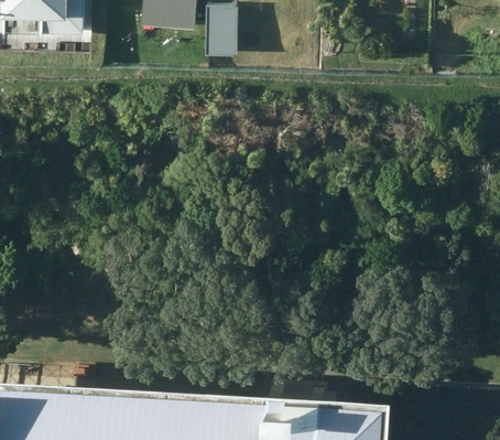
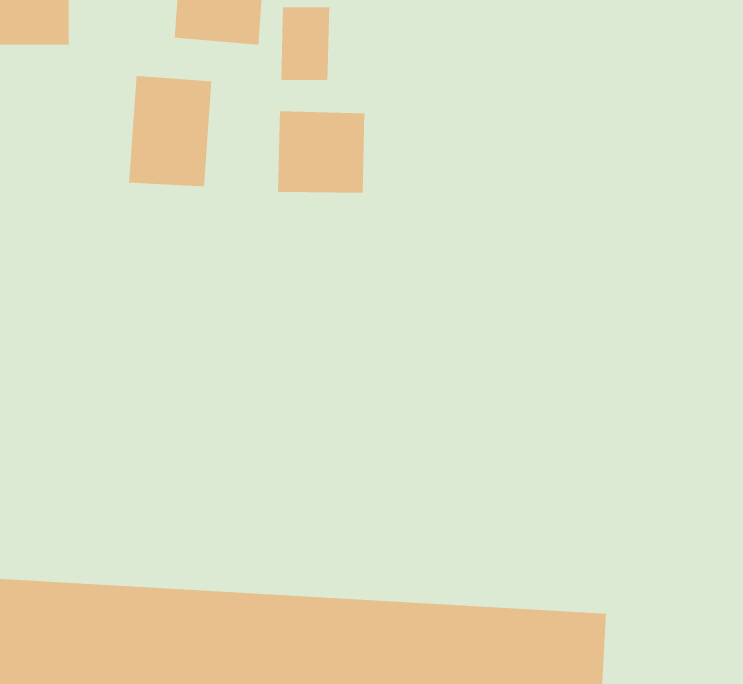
building: none -> [128,75,212,187]
building: none -> [277,110,365,194]

